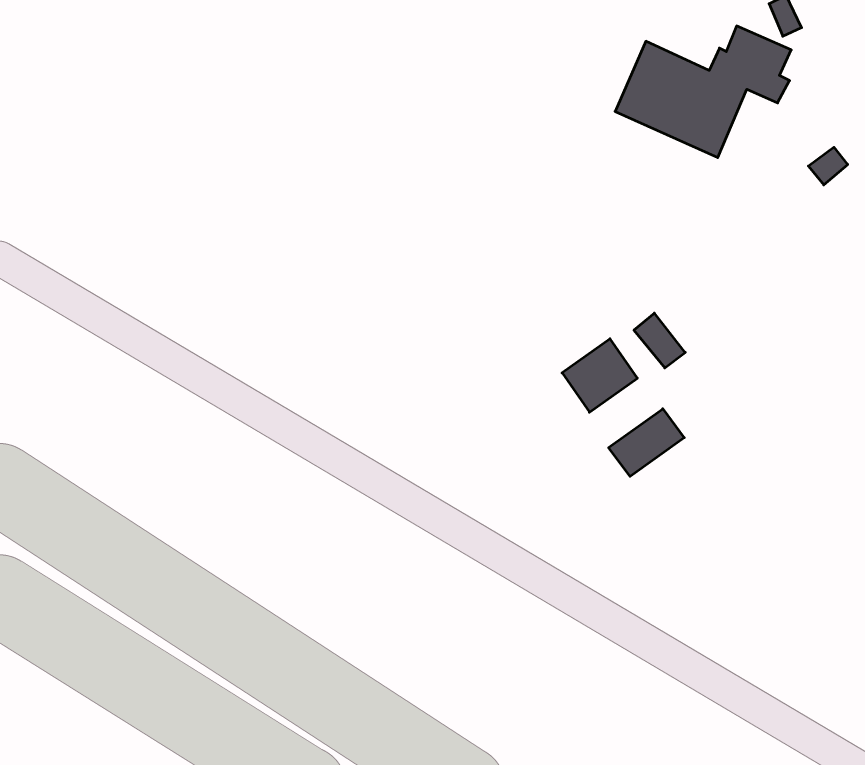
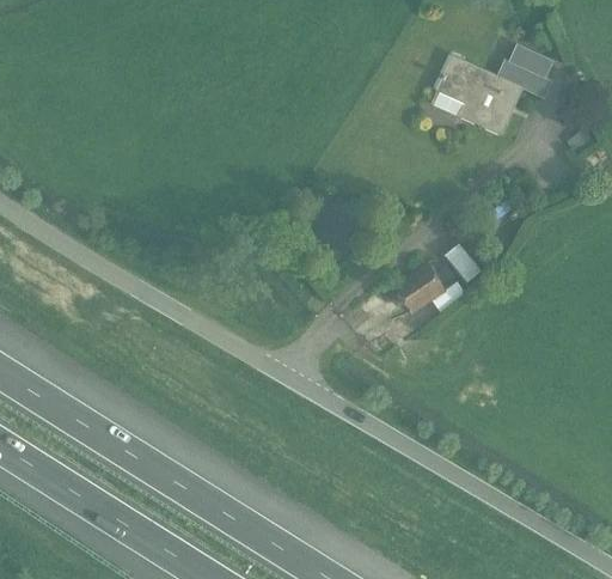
building: [609,409,684,476] -> none

